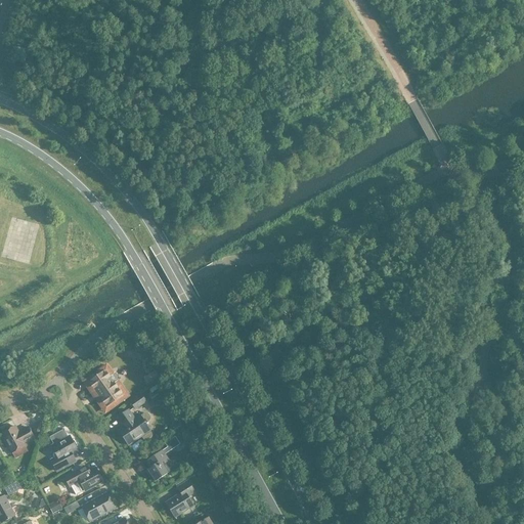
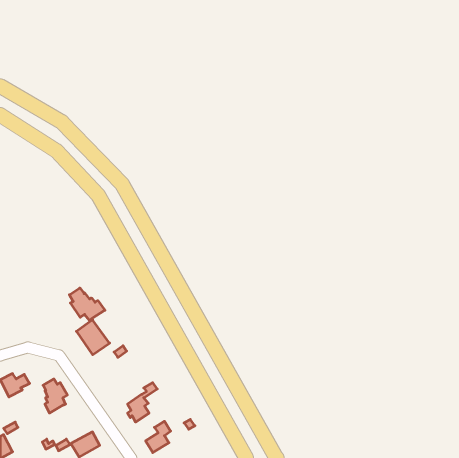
building: none -> [69,288,105,321]
building: [117,409,151,444] -> none
building: [64,467,102,494] -> none

